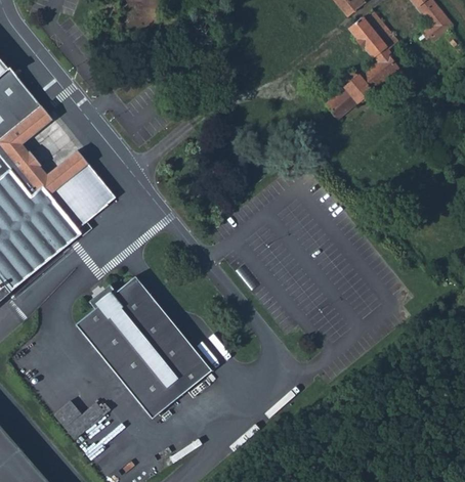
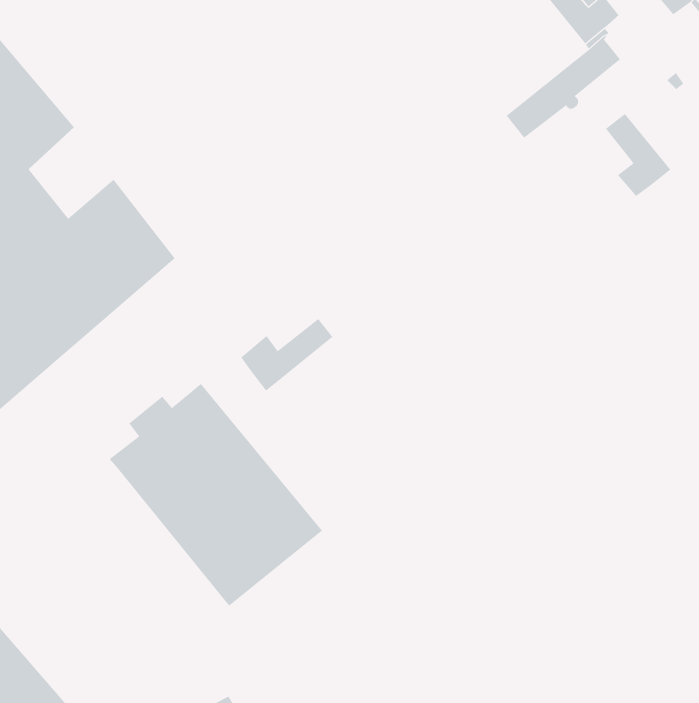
building: none -> [605,113,671,197]
building: none -> [240,318,333,391]

